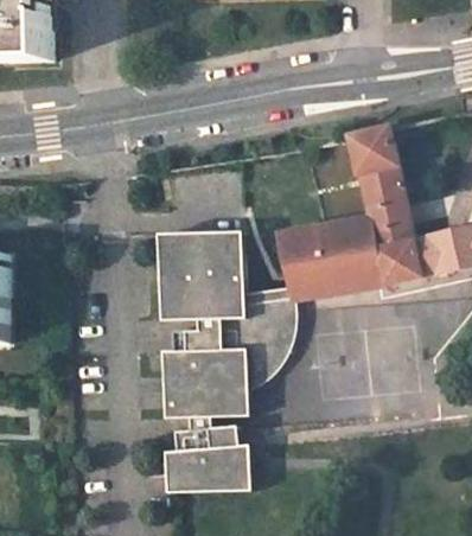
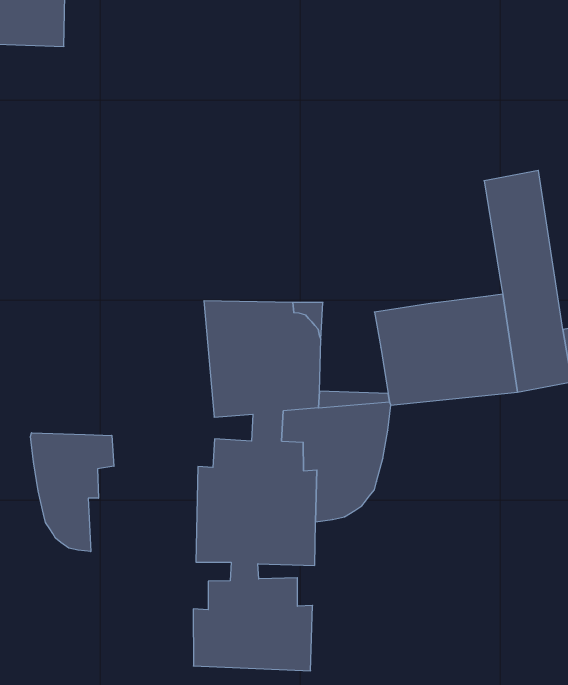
building: none -> [30,433,114,552]

